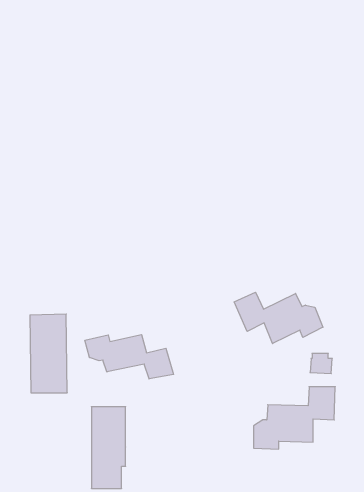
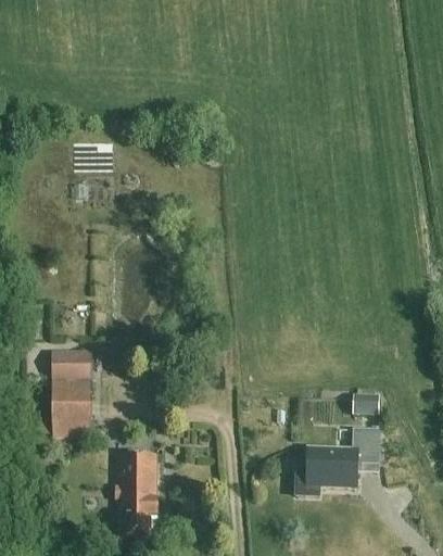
building: [234,292,323,344] -> none
building: [85,335,174,379] -> none

